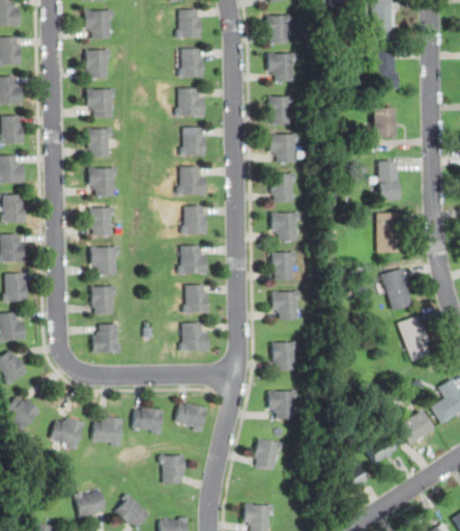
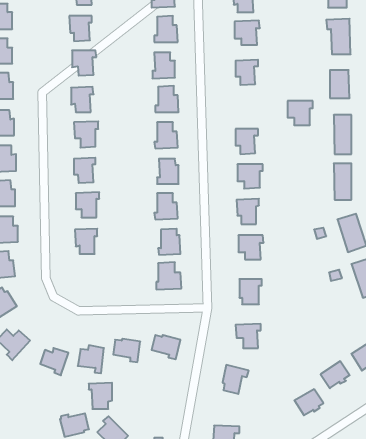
building: [270,136,298,163] -> [288,101,313,125]
building: [93,323,121,352] -> none
building: [160,453,185,482] -> [89,383,112,409]

